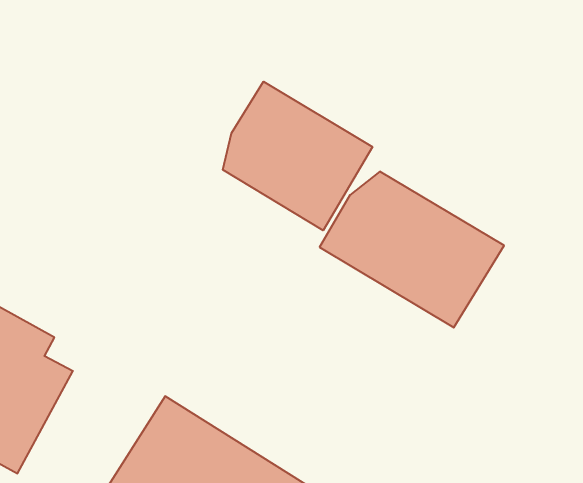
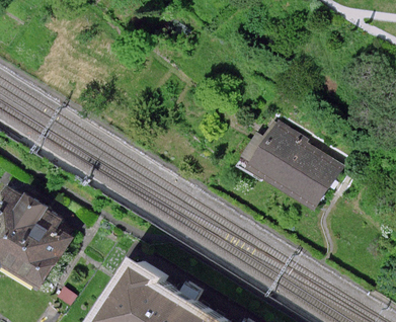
building: [223,82,372,230] -> none

